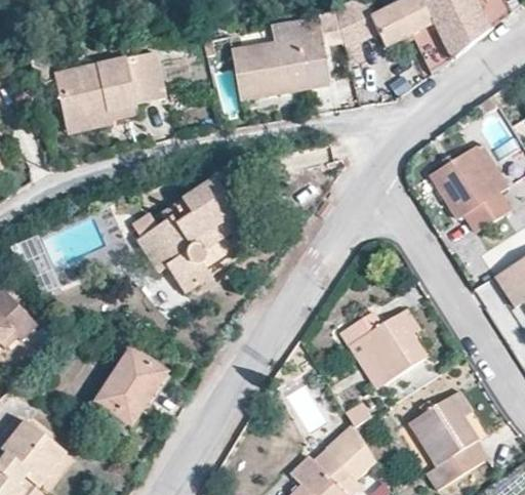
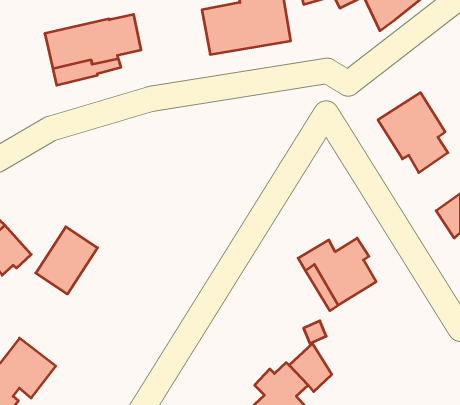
building: [136,176,245,291] -> none
building: [95,347,165,423] -> [36,227,98,294]
building: [407,389,489,489] -> none

